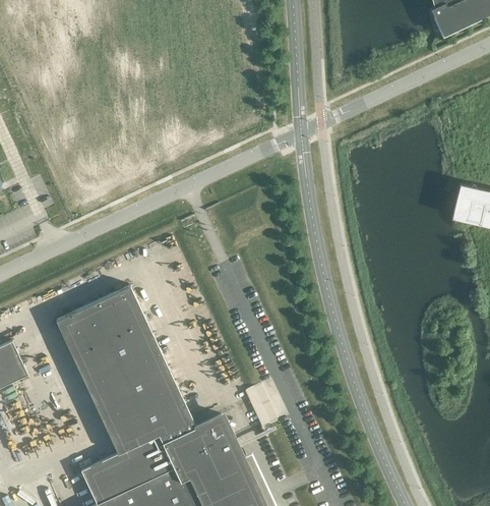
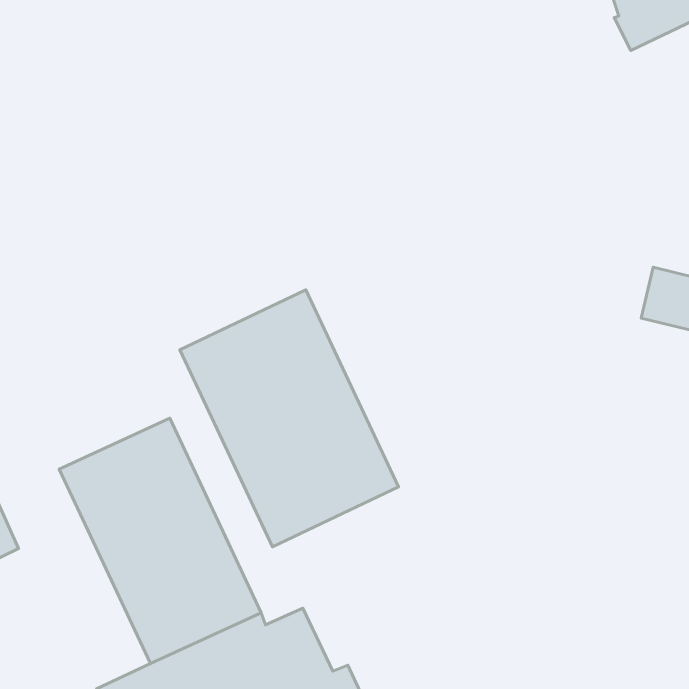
building: none -> [180,290,398,547]

